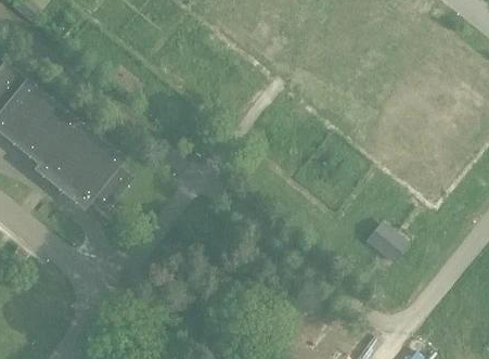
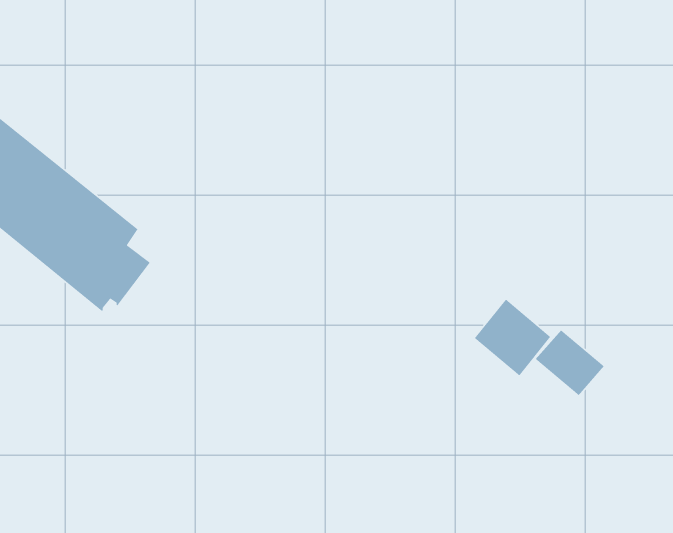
building: none -> [474,298,551,376]

